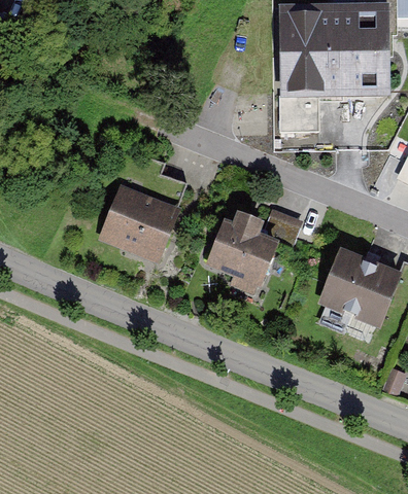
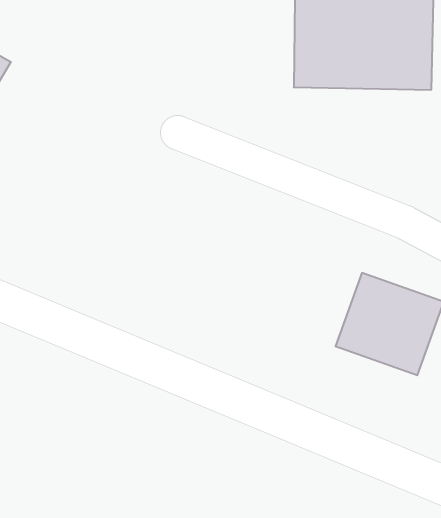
building: [101,177,183,253] -> none
building: [205,206,286,289] -> none

